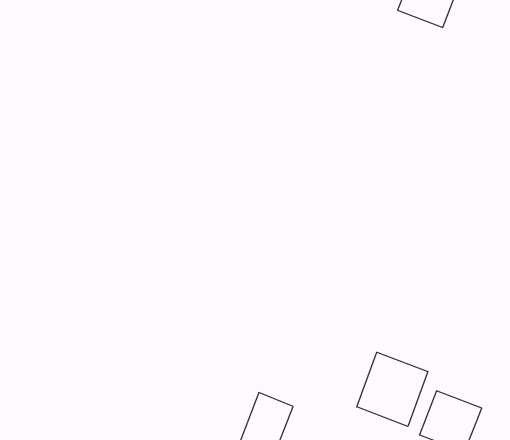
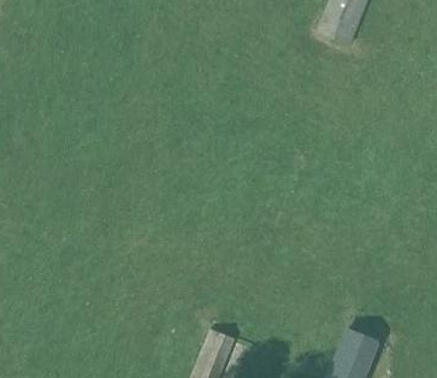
building: [357,352,428,426] -> none

